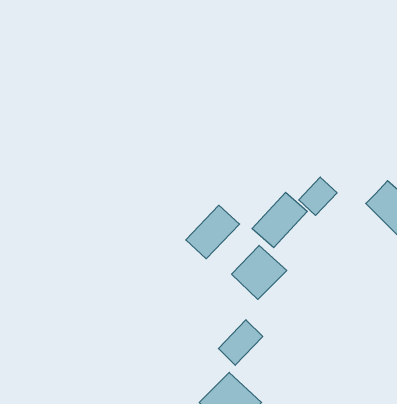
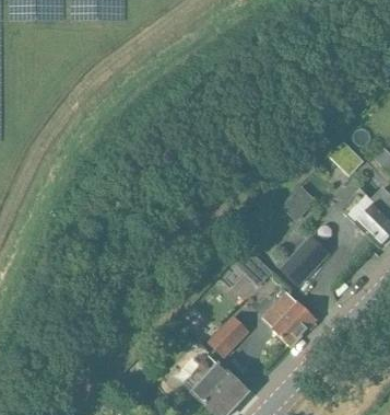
building: [252,192,307,248] -> [279,233,329,284]
building: [186,205,240,259] -> none
building: none -> [264,295,316,345]

